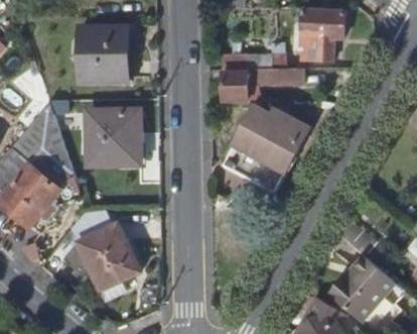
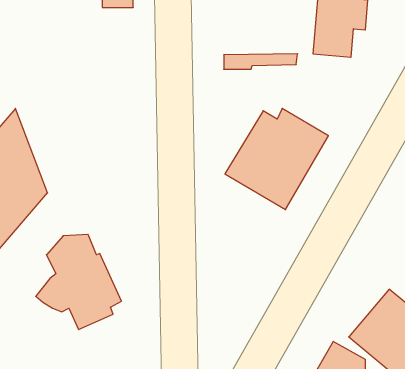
building: [80,29,128,82] -> none
building: [223,67,303,100] -> none
building: [91,116,139,166] -> none

